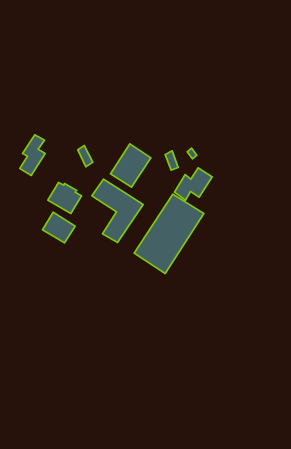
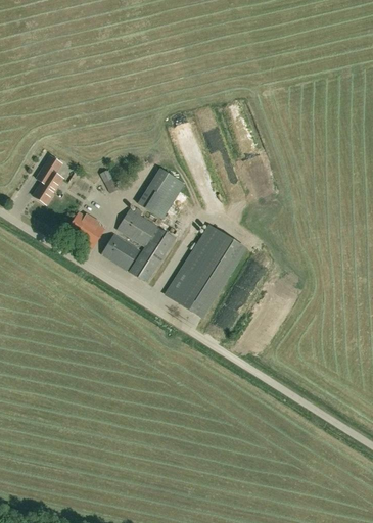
building: [174,168,212,200] -> none
building: [43,212,75,243] -> [101,233,139,269]

